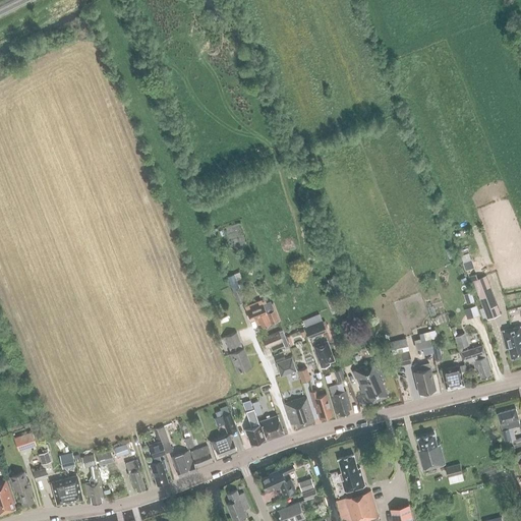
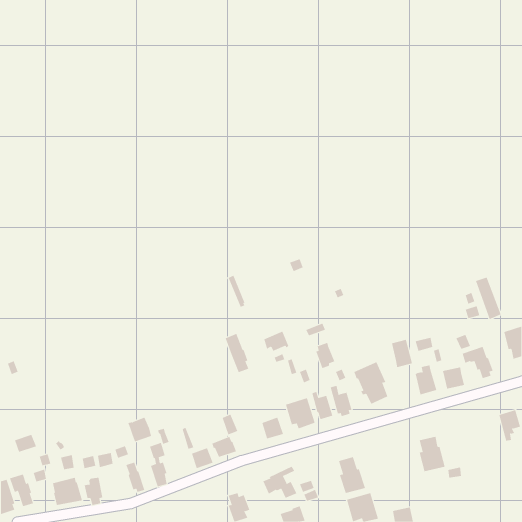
building: [244,299,278,328] -> none
building: [244,408,265,444] -> none
building: [171,451,195,476] -> [127,417,152,442]

